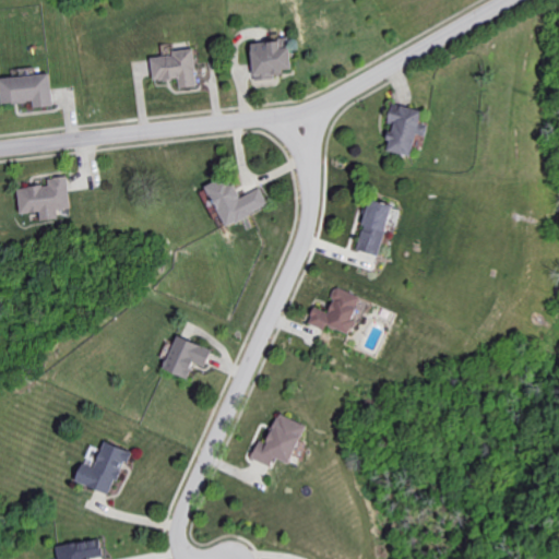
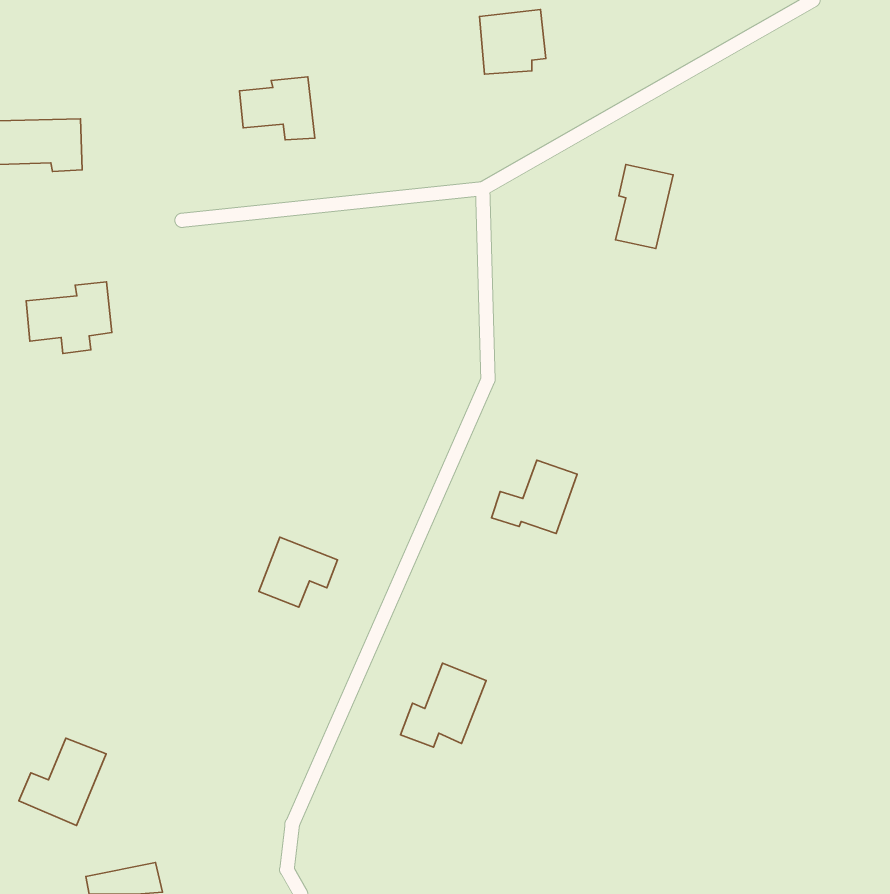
building: [249,38,290,79] -> [479,10,546,74]
building: [204,177,267,226] -> none
building: [355,199,391,255] -> none
building: [73,441,128,496] -> [19,738,106,825]

